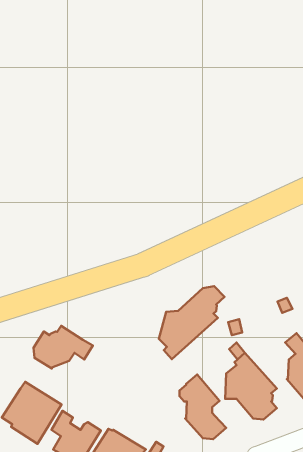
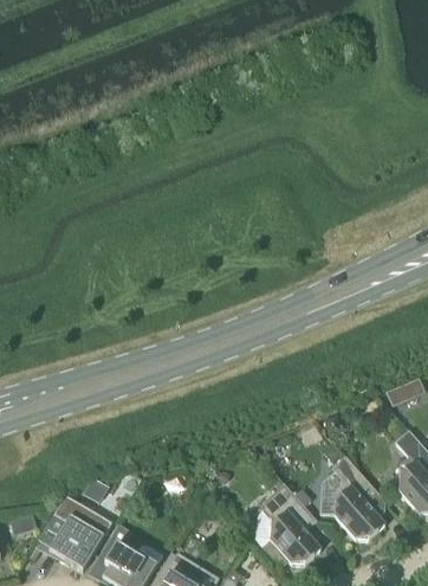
building: [159,286,224,359] -> none
building: [34,326,93,369] -> none

